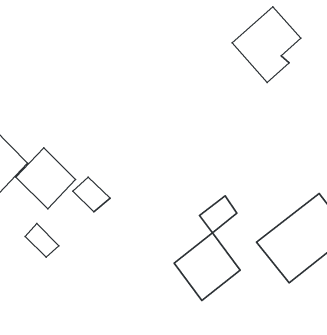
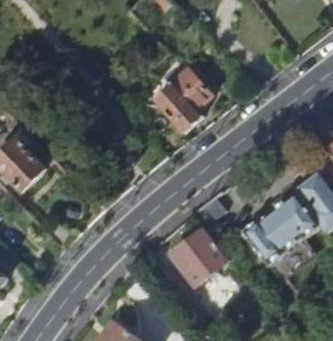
building: [232,7,301,82] -> [151,68,210,133]
building: [16,148,75,209] -> none

